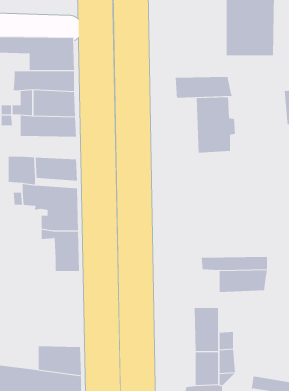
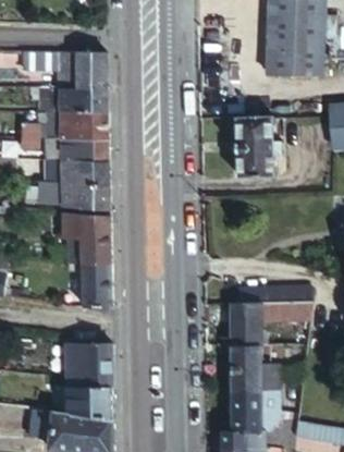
building: [175,76,232,99] -> none
building: none -> [45,159,107,184]
building: none -> [234,304,261,345]
building: none -> [64,345,111,388]

